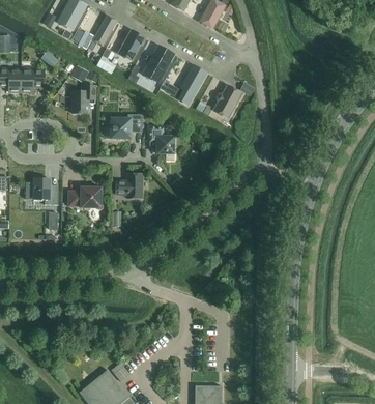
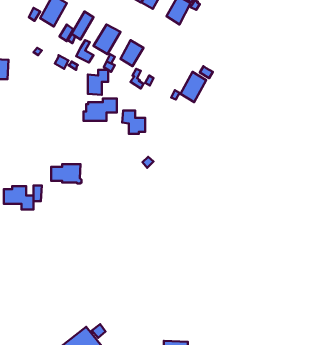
building: [179,62,207,91] -> none
building: [20,69,44,92] -> none
building: [71,85,94,113] -> [88,70,108,95]
building: [115,173,142,197] -> none
building: [25,178,58,204] -> [4,186,33,209]

